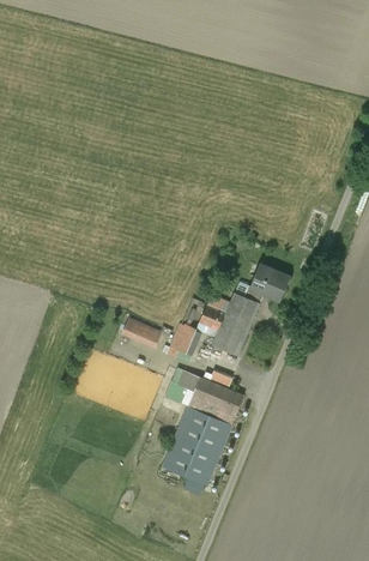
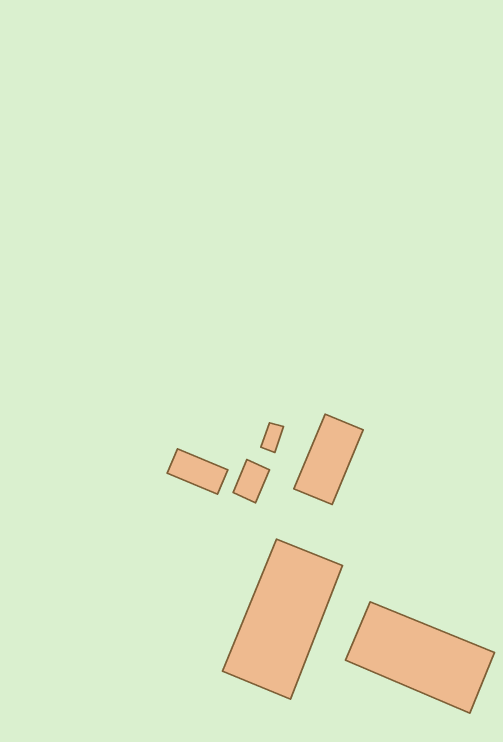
building: [248,261,290,301] -> none
building: none -> [346,602,494,713]

